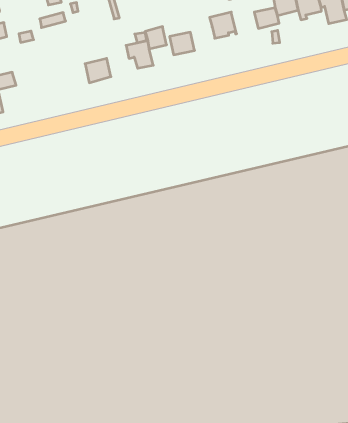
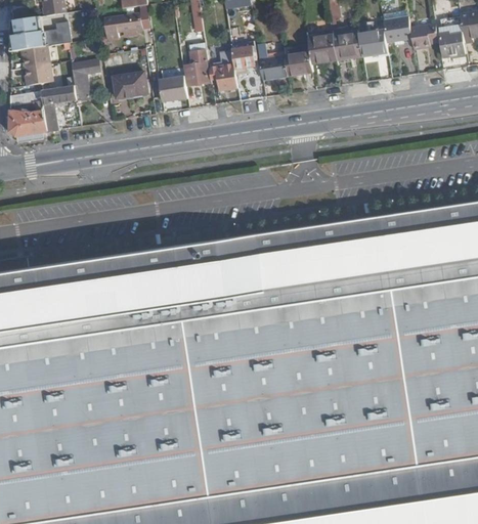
building: none -> [334,32,363,61]
building: none -> [285,51,313,77]
building: none -> [185,51,210,87]
building: none -> [73,67,100,100]
building: none -> [116,74,148,99]

